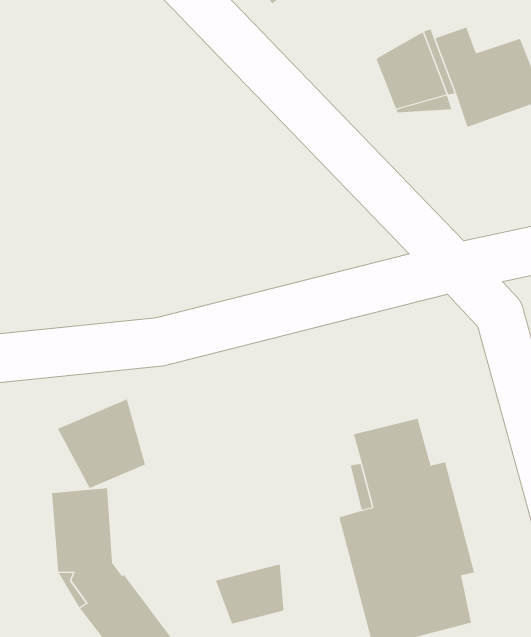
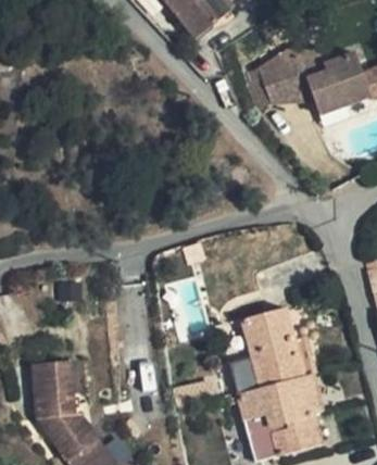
building: [57,398,145,489] -> none
building: [215,563,284,624] -> none

